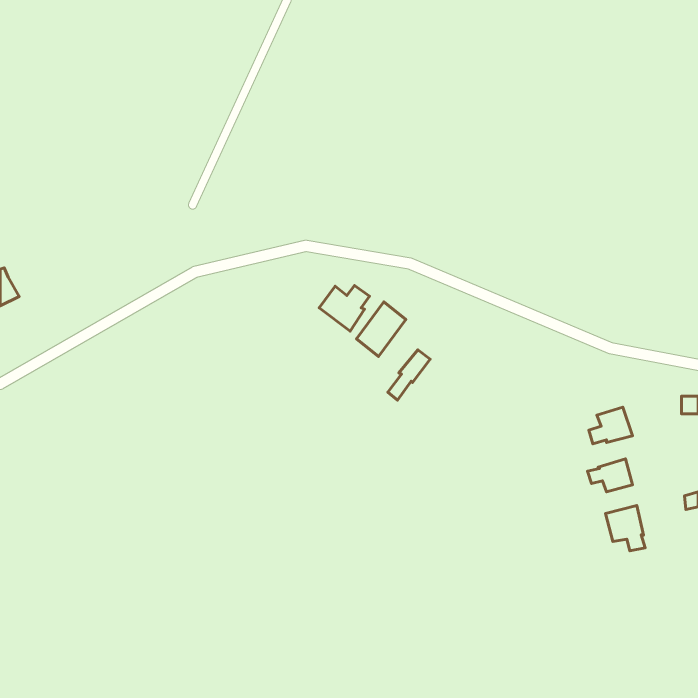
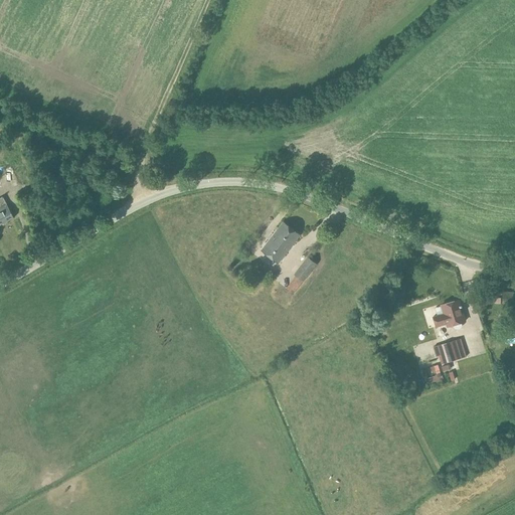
building: [319,285,369,331] -> none
building: [605,505,645,551] -> none

